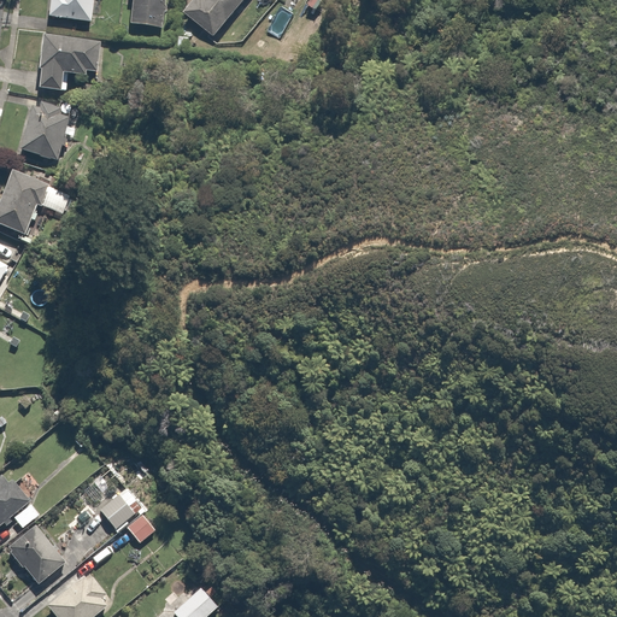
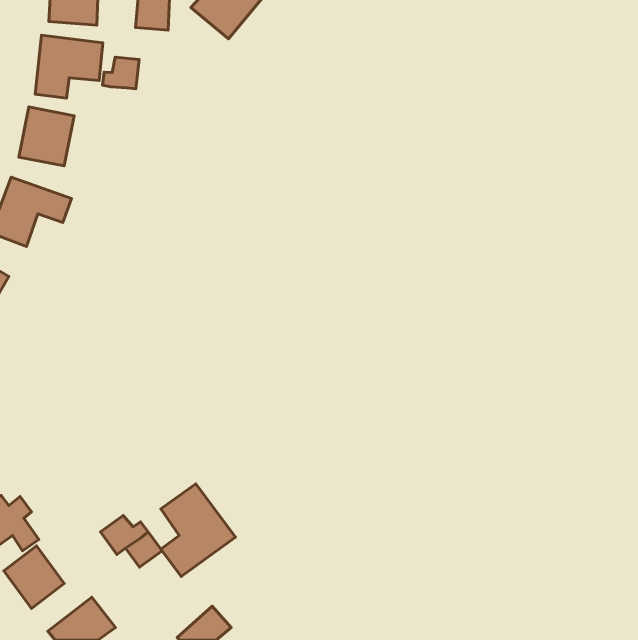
building: none -> [103,57,139,89]
building: none -> [161,484,236,576]

